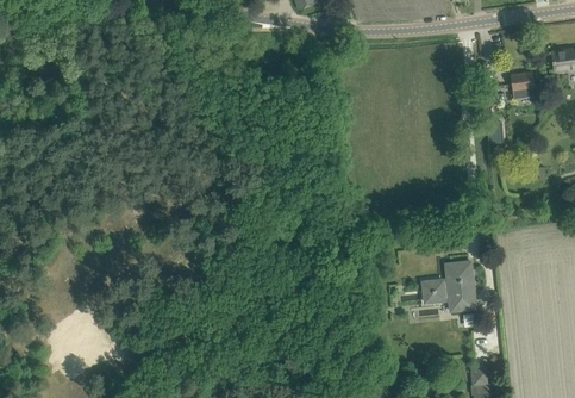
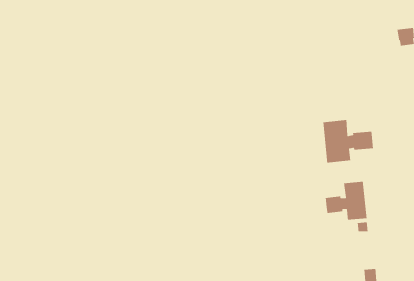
building: none -> [322,119,374,163]

